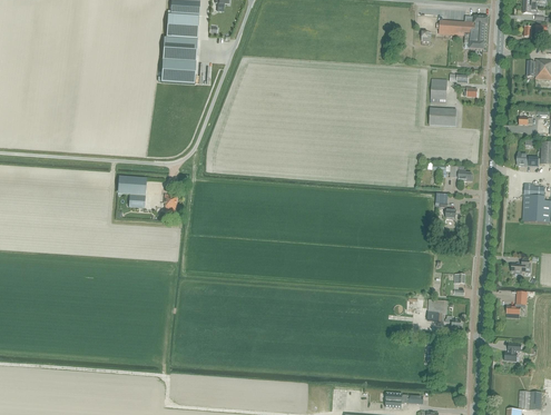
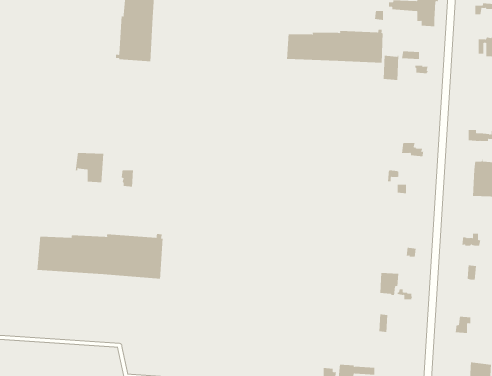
building: none -> [287,29,383,64]
building: [430,107,457,126] -> none
building: none -> [37,233,163,280]

